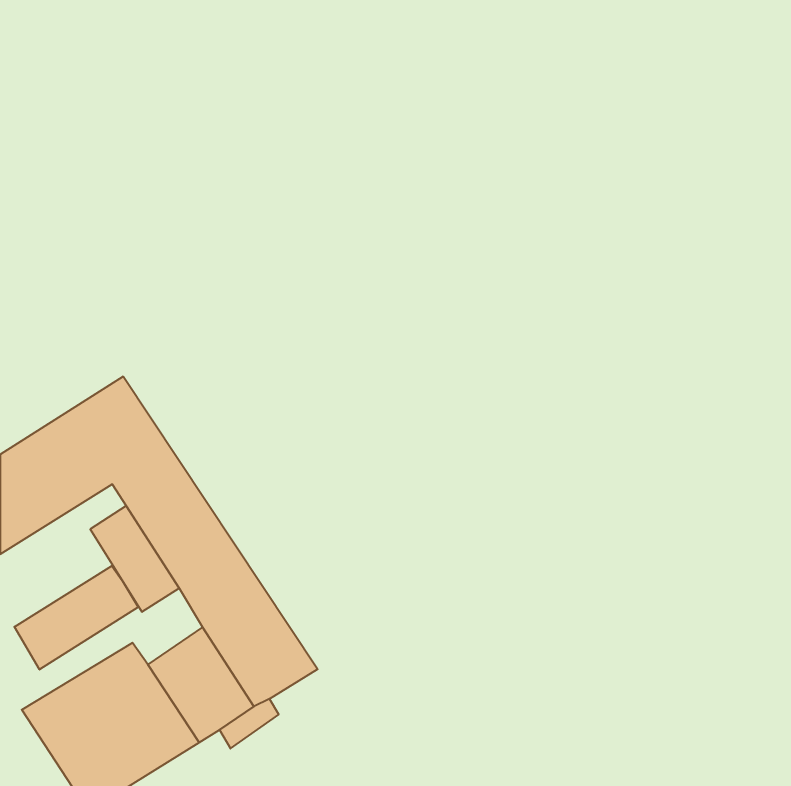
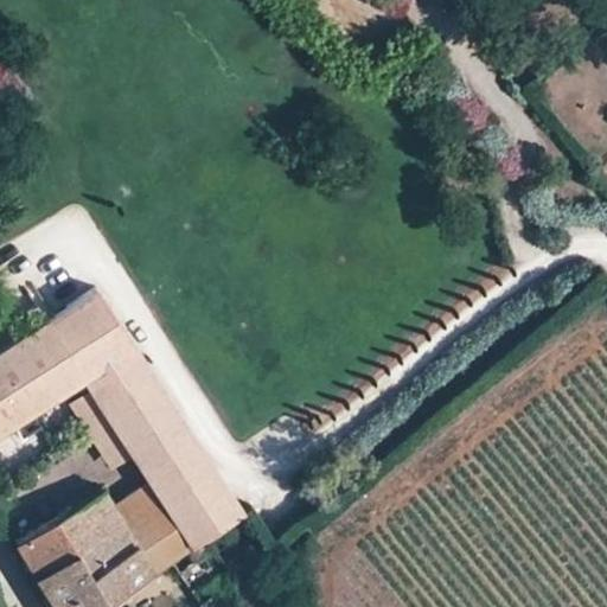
building: [14,566,138,670] -> none

